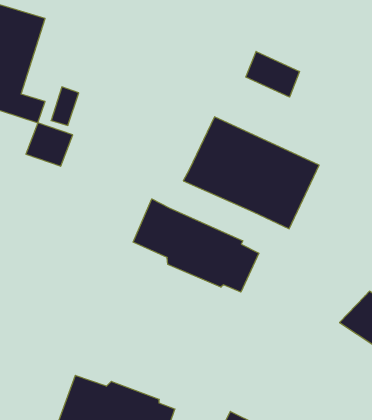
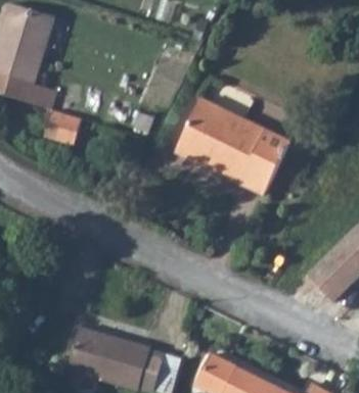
building: [246,51,299,97] -> none
building: [133,199,259,292] -> none

